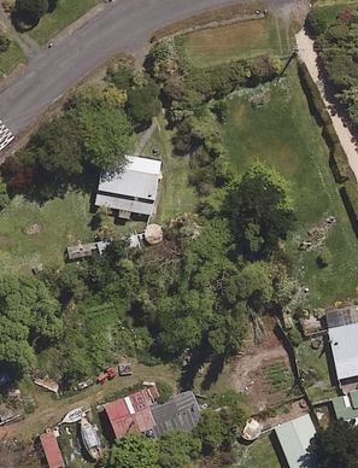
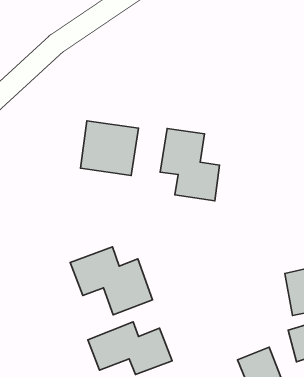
building: none -> [160,128,219,201]
building: none -> [70,247,153,315]

